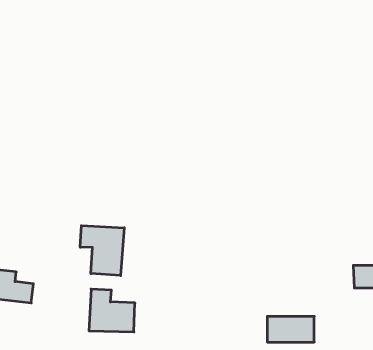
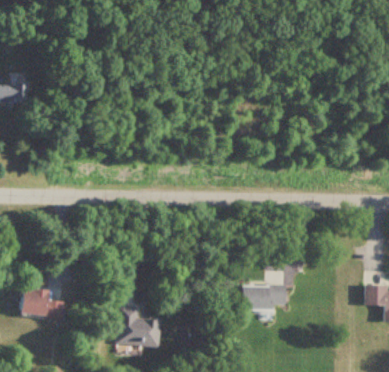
building: [80,226,124,276] -> none
building: [267,316,314,342] -> [241,285,285,309]

